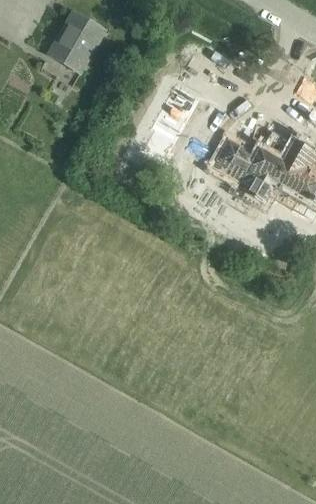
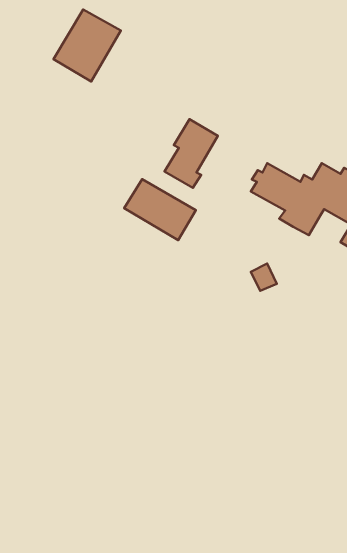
building: none -> [124,179,196,240]

